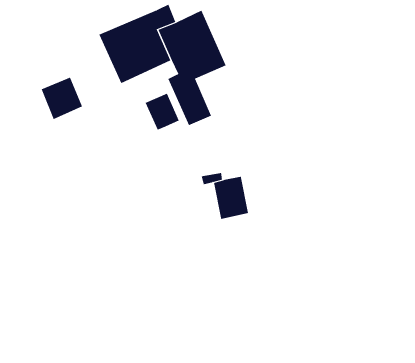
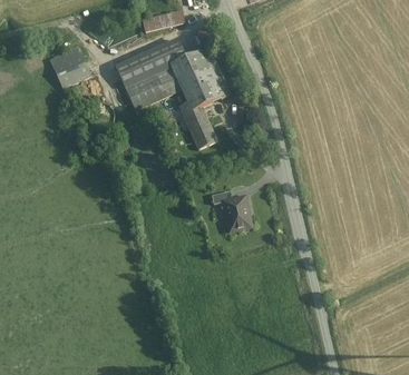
building: [41,77,83,120] -> [51,48,89,87]
building: [145,93,180,130] -> none

